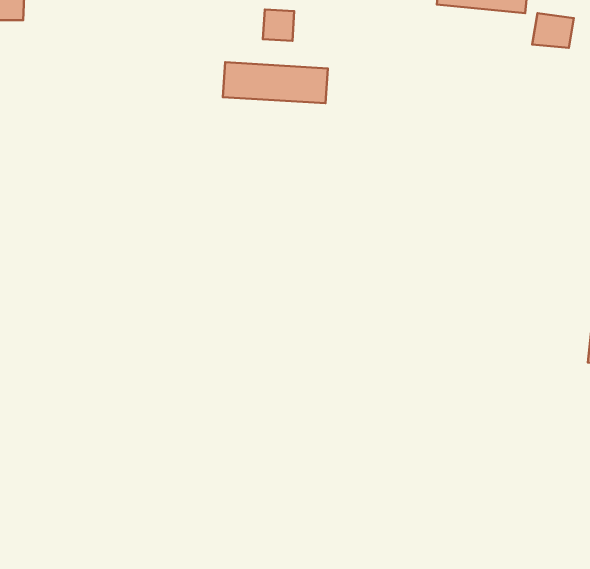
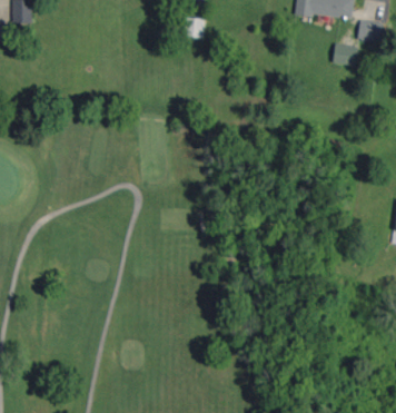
building: none -> [333,43,358,65]
building: [223,62,328,103] -> none

